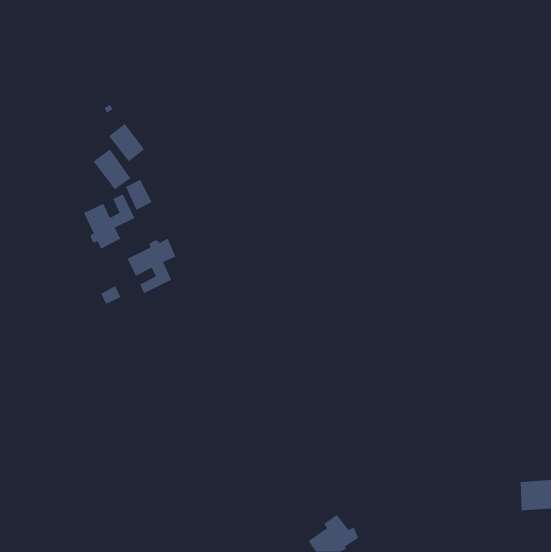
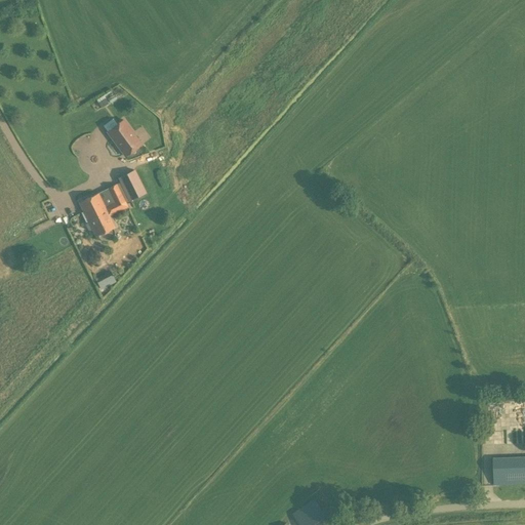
building: [93,149,131,190] -> none
building: [127,238,176,294] -> none

